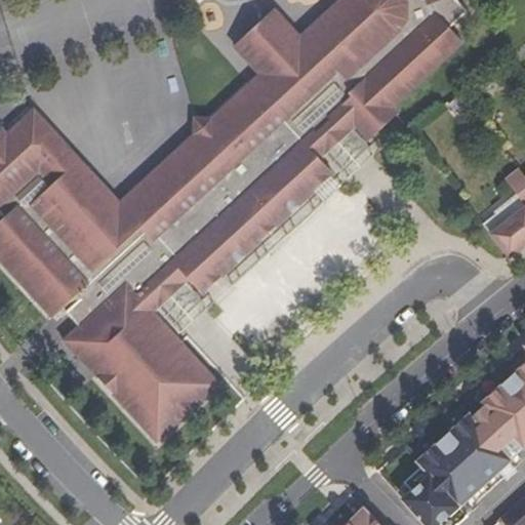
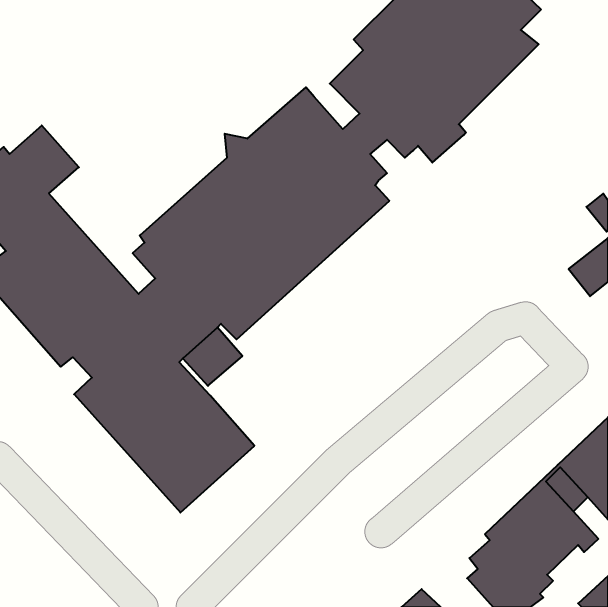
building: [236,10,312,83] -> none
building: [318,120,376,179] -> none
building: [42,144,133,252] -> none

